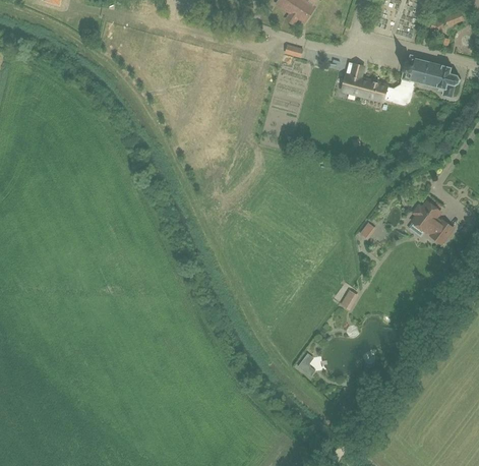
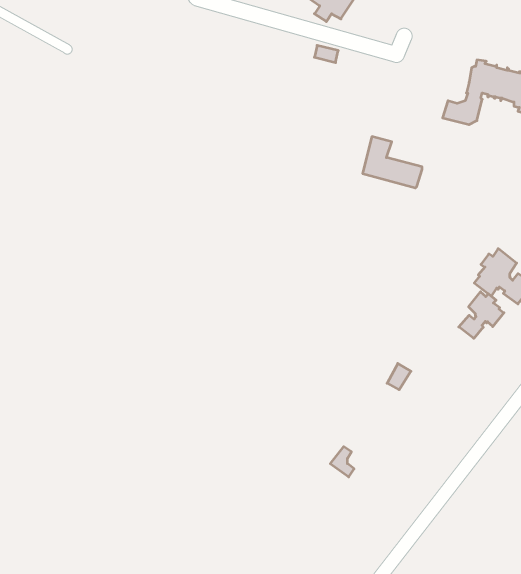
building: [341,60,386,100] -> [363,137,422,188]
building: none -> [459,292,504,338]

